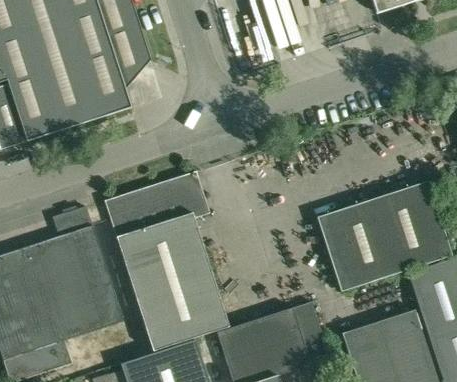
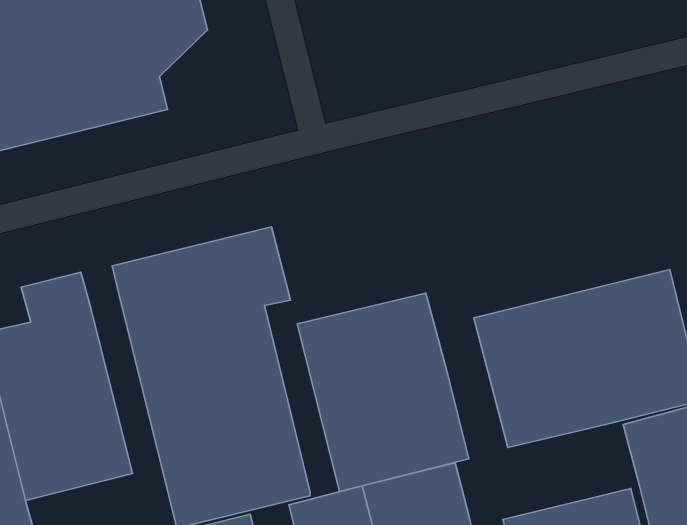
building: none -> [297,293,469,492]

